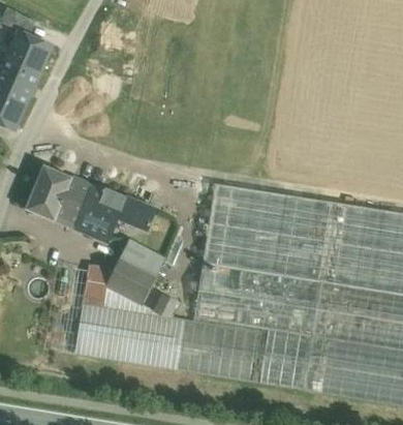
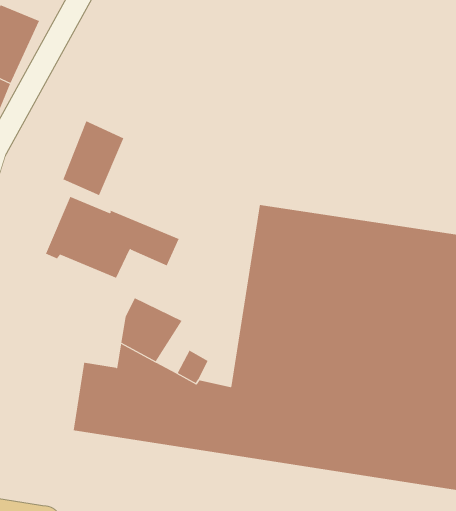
building: [26,164,72,221] -> [62,121,124,196]
building: [121,235,167,272] -> none
building: [83,265,114,307] -> none

